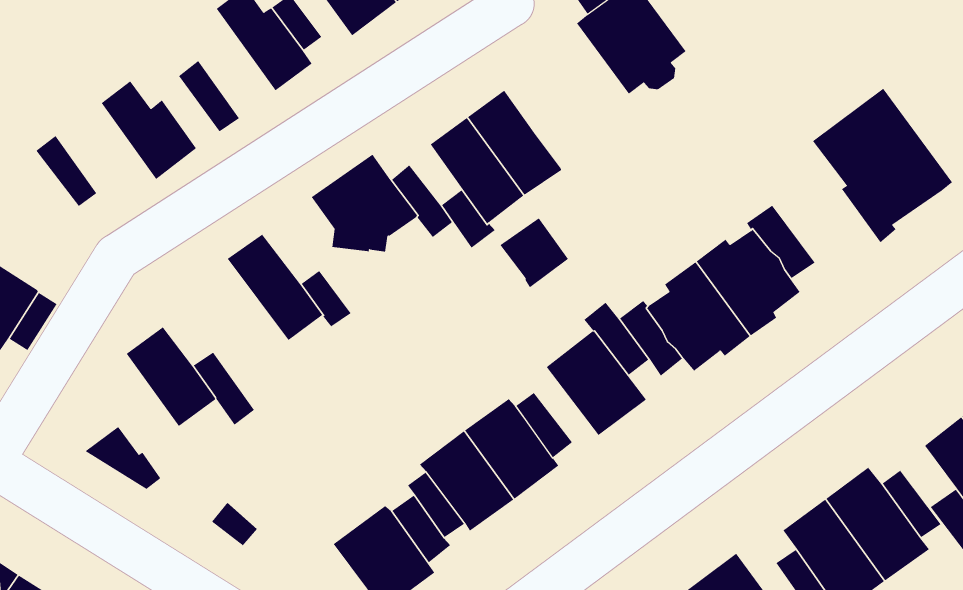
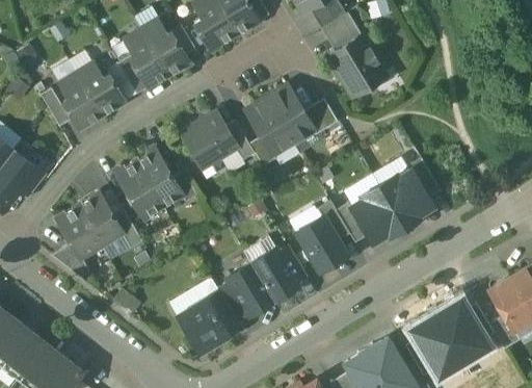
building: none -> [125,29,168,87]
building: [812,88,953,243] -> none
building: none -> [60,73,102,128]
building: [500,218,569,288] -> [302,98,338,134]
building: none -> [116,160,163,217]
building: none -> [56,205,102,258]

